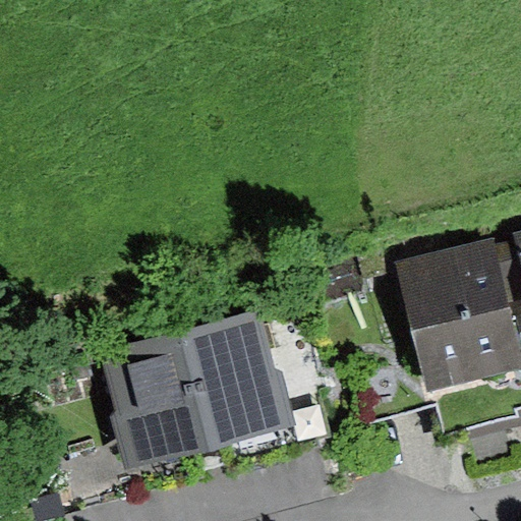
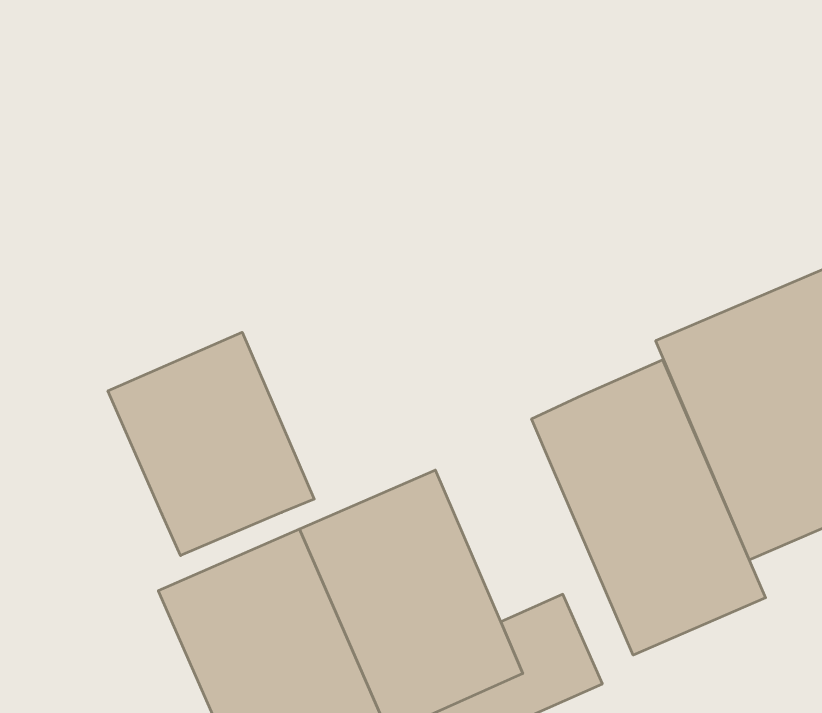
building: none -> [108,332,314,556]
building: none -> [532,360,766,655]

